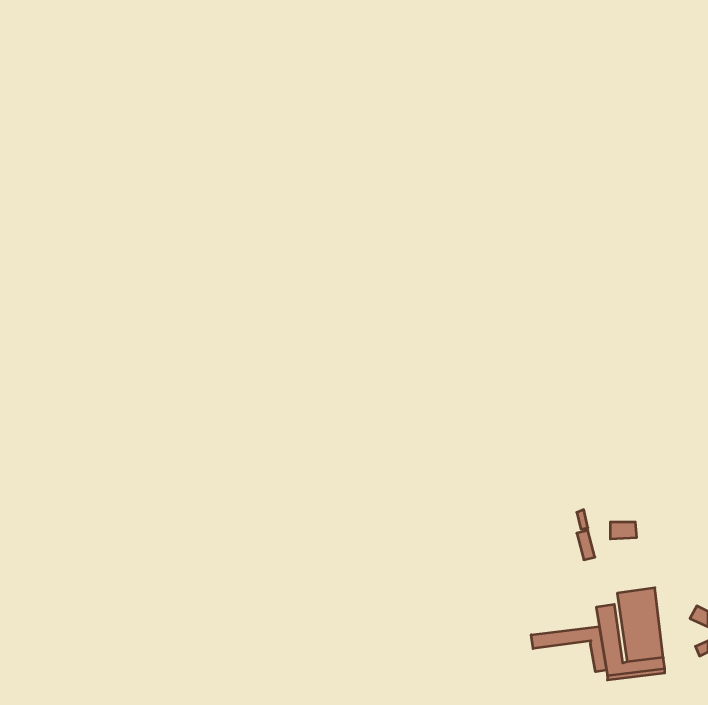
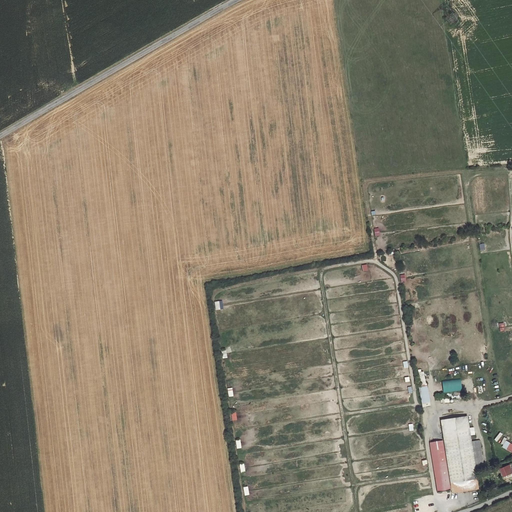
building: [531,627,607,672] -> none

